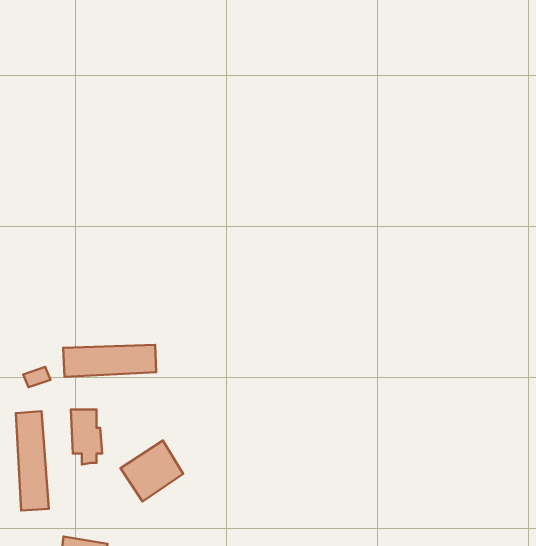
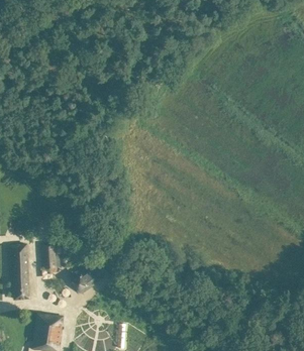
building: [63,345,156,377] -> none

